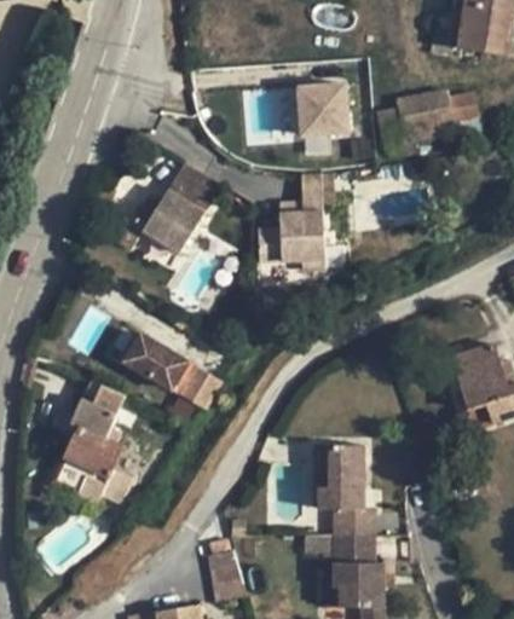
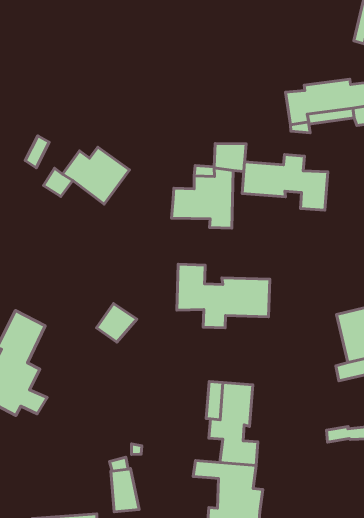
building: [302,77,357,134] -> none
building: [167,164,220,213] -> none
building: none -> [242,155,328,210]
building: none -> [177,264,270,328]
building: [116,324,191,389] -> none

